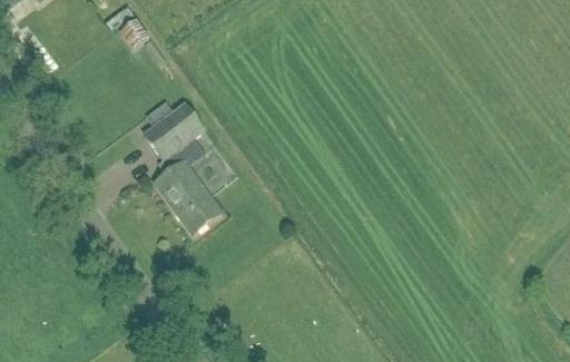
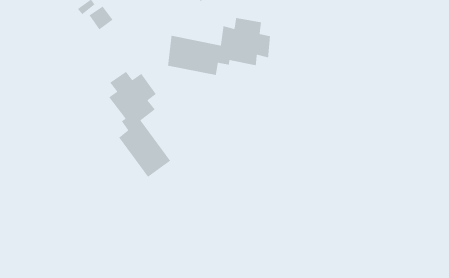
building: none -> [167,17,271,76]

